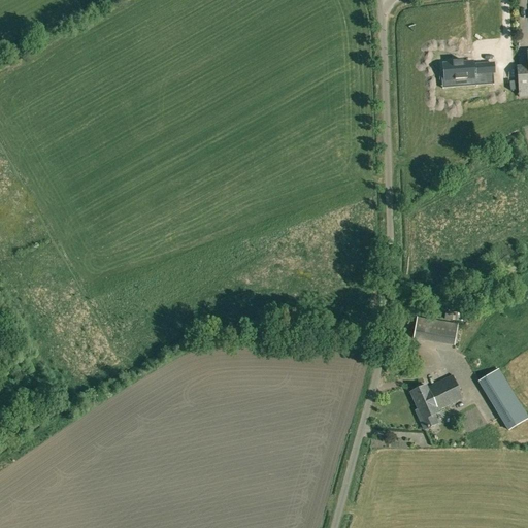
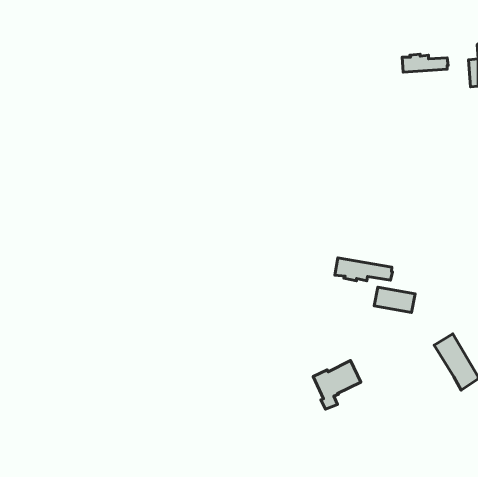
building: none -> [335,258,393,281]
building: [410,374,463,428] -> [313,361,361,409]

